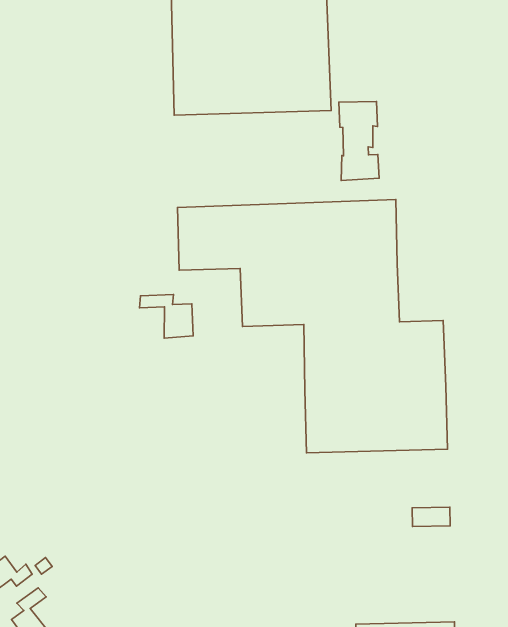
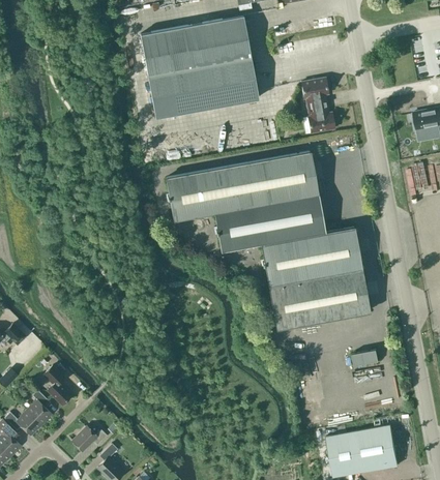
building: [339,101,379,180] -> [301,78,335,133]
building: [140,295,193,338] -> none

